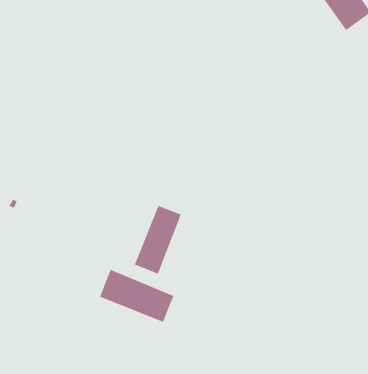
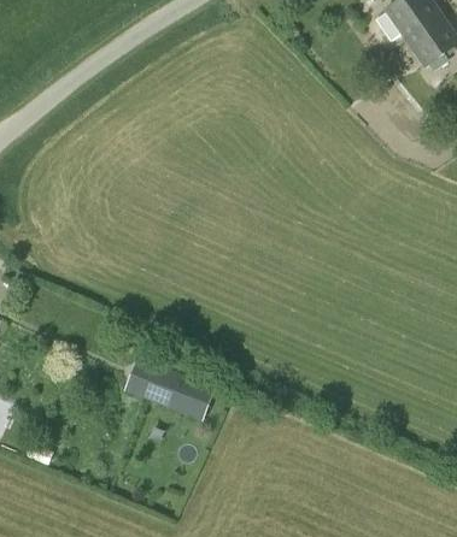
building: [134,205,181,275] -> none

